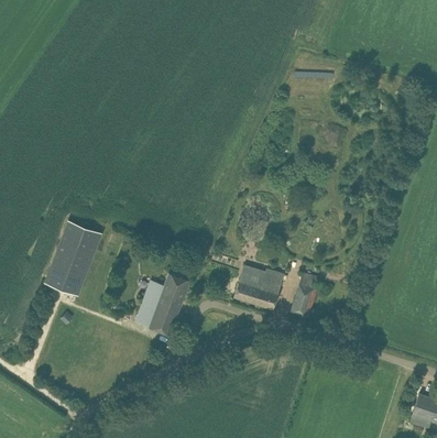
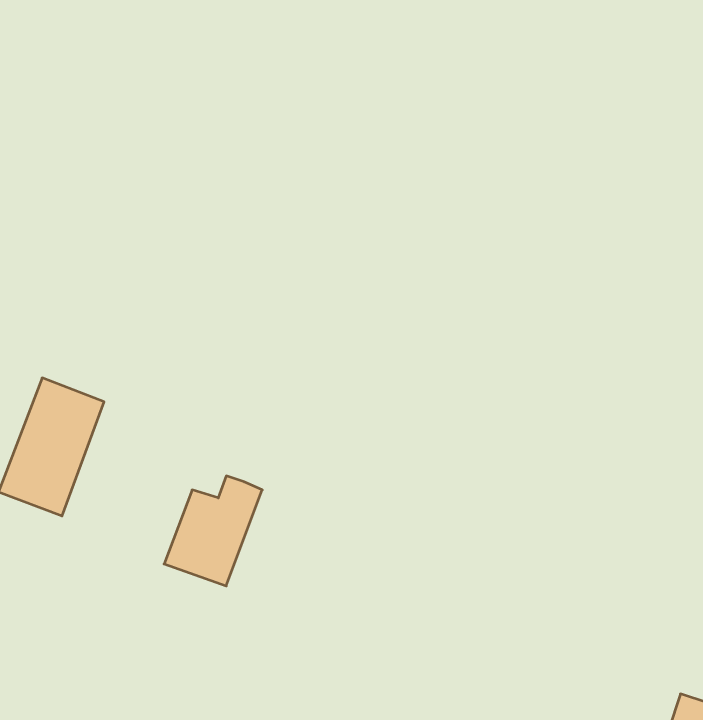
building: [233,270,283,309] -> none
building: [289,274,317,318] -> none

